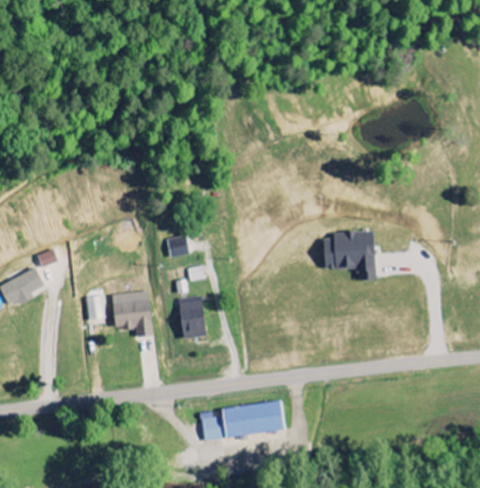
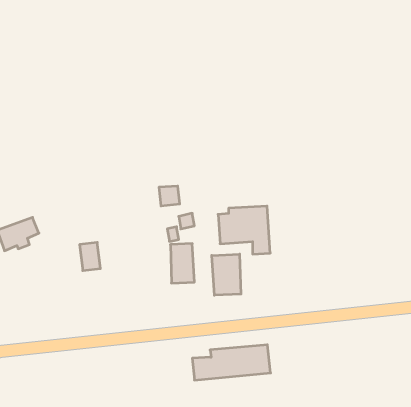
building: [321,229,376,279] -> [218,206,270,254]
building: [112,299,152,336] -> none
building: none -> [212,254,241,295]

